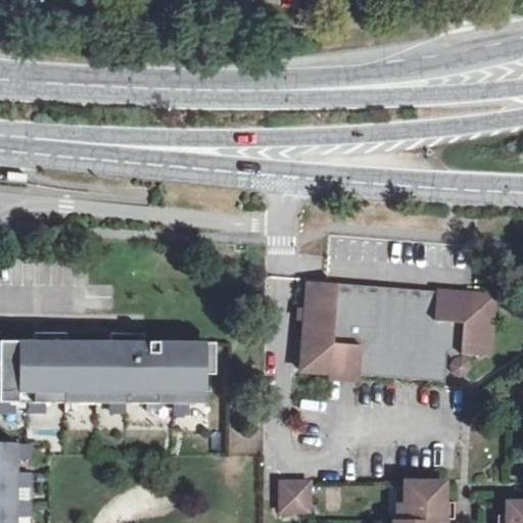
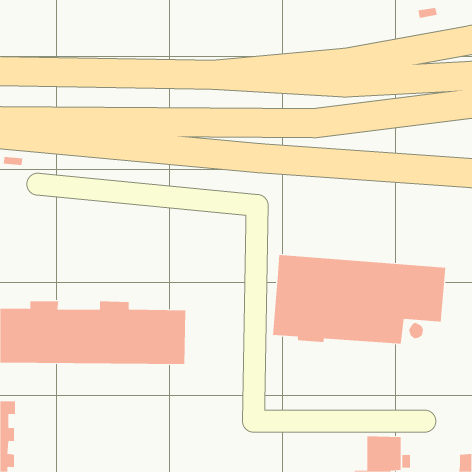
building: [279,481,310,511] -> none

